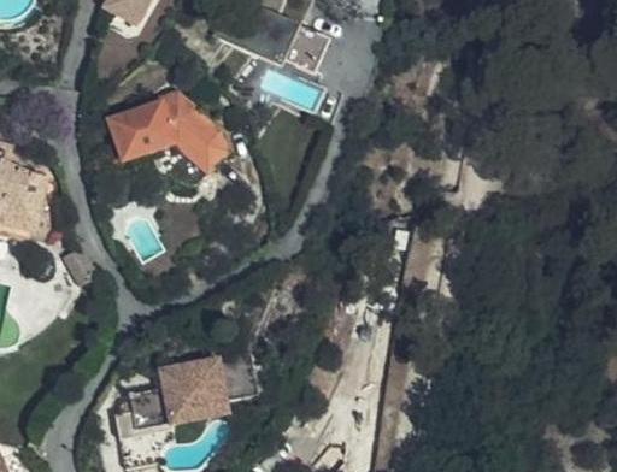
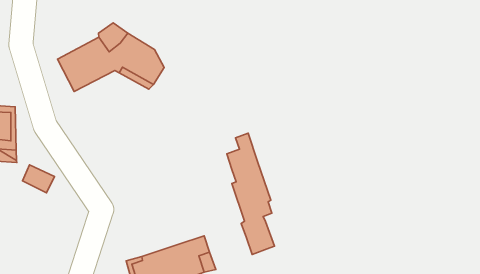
building: none -> [227,133,274,254]

